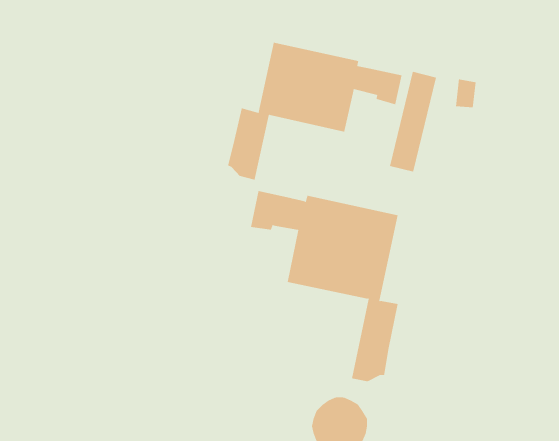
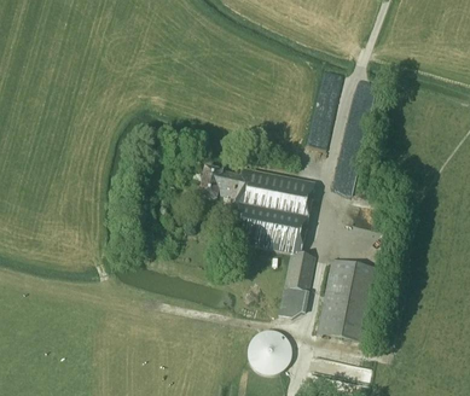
building: [227,42,402,181] -> none
building: none -> [317,256,381,340]

